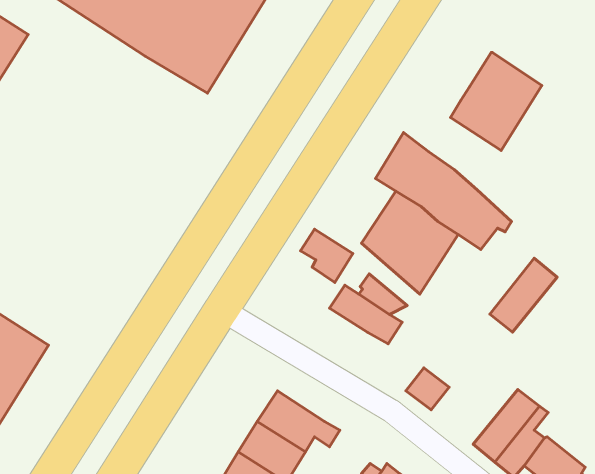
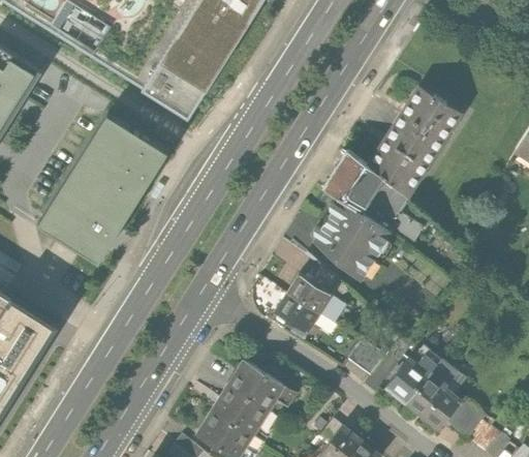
building: none -> [37,112,167,261]
building: none -> [367,138,426,196]
building: [301,229,353,283] -> [275,293,317,336]
building: [490,258,557,332] -> [384,343,439,403]

